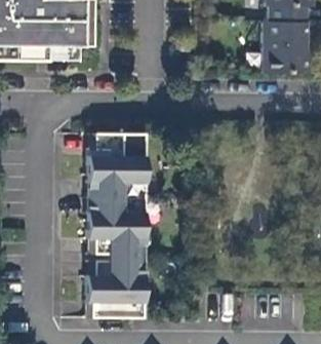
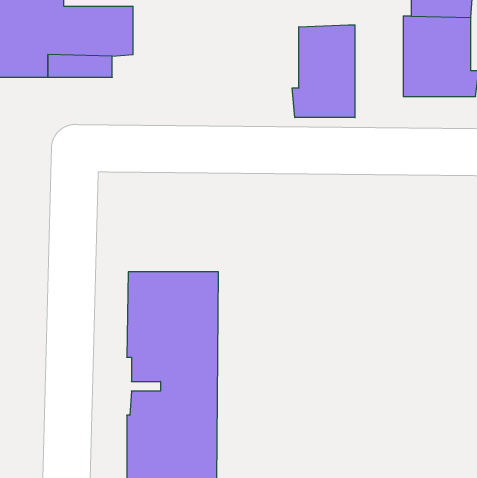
building: none -> [292,25,355,118]
building: [89,132,147,184] -> none

